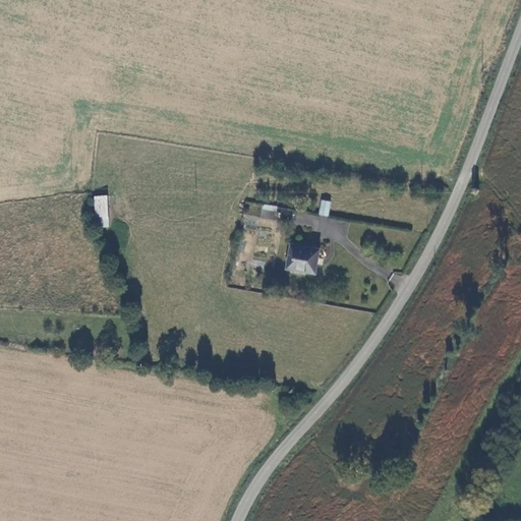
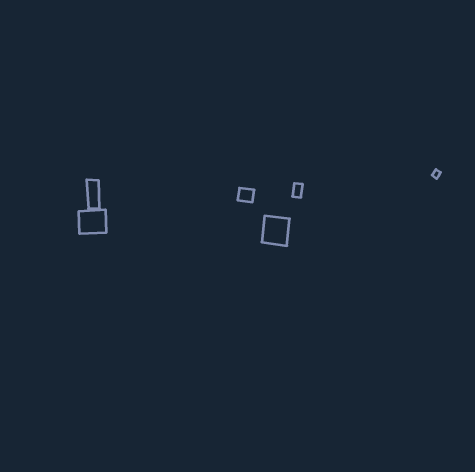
building: none -> [79,210,106,234]

